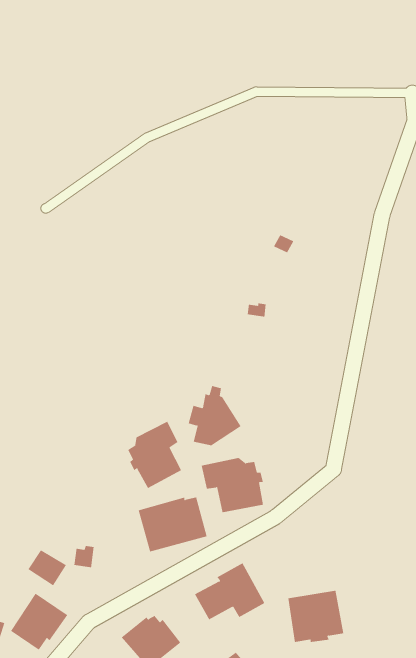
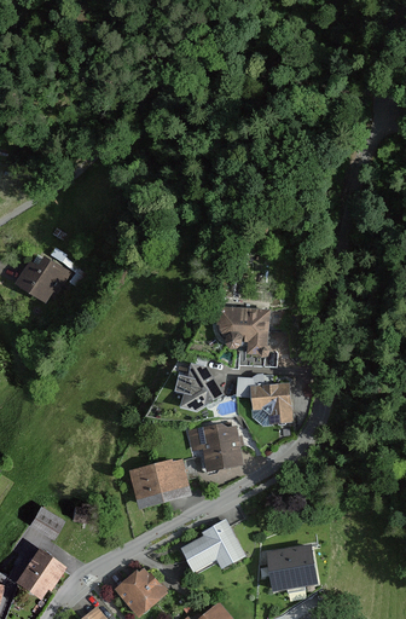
building: none -> [16,247,72,302]
building: none -> [217,306,271,357]
building: none -> [237,374,294,426]
building: [128,421,182,489] -> none

